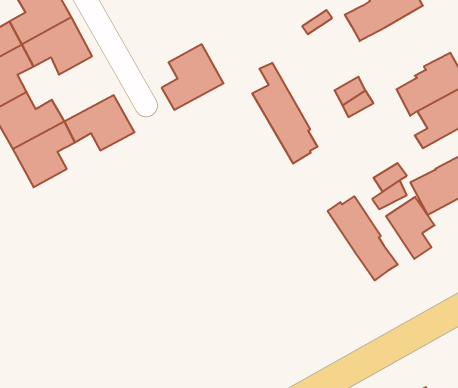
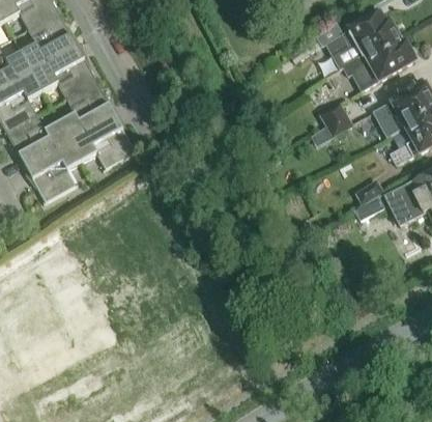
building: none -> [343,36,414,90]
building: [162,44,224,110] -> [62,82,118,141]
building: [252,63,317,164] -> none
building: [328,196,398,280] -> none
building: [386,197,435,259] -> none

